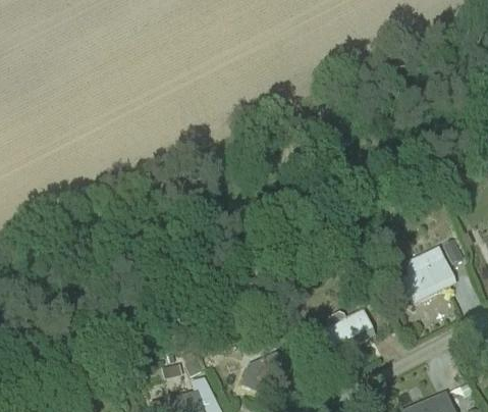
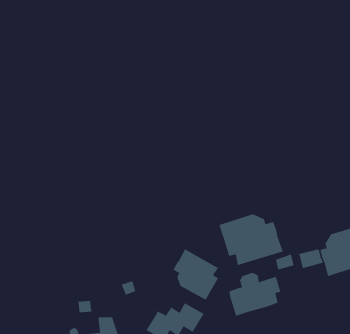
building: none -> [219,213,283,266]
building: none -> [173,248,219,300]

